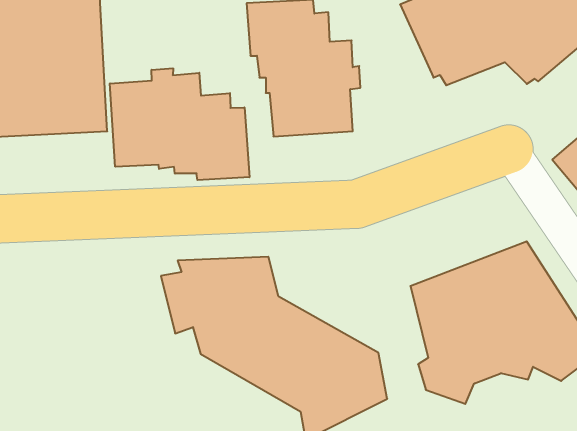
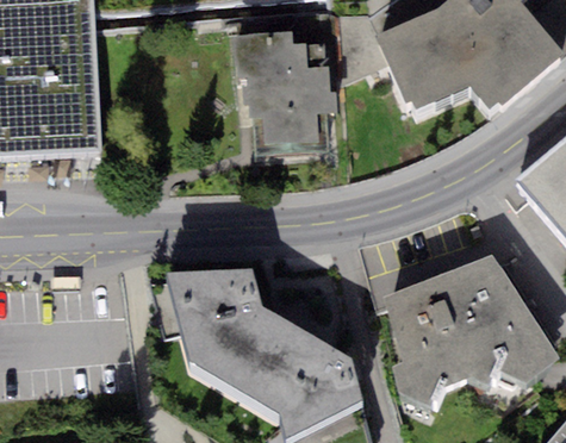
building: [110,68,249,180] -> none

